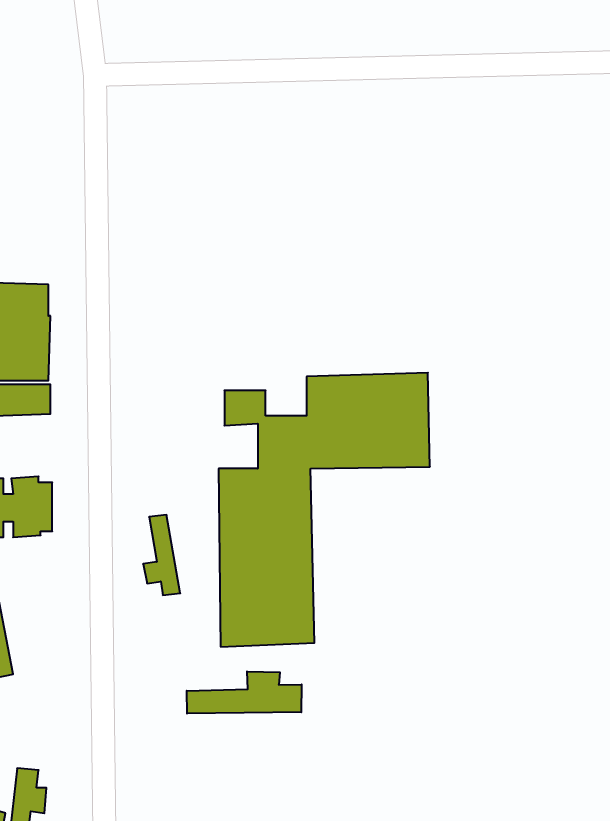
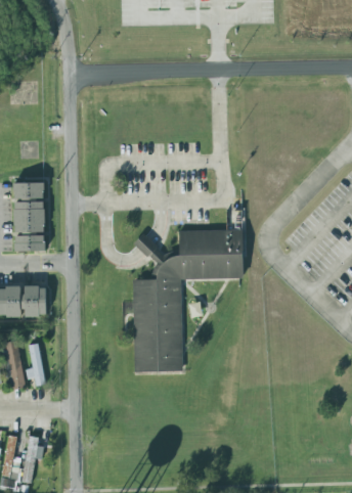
building: [143,515,180,595] -> [26,344,45,386]
building: [187,671,302,714] -> none

